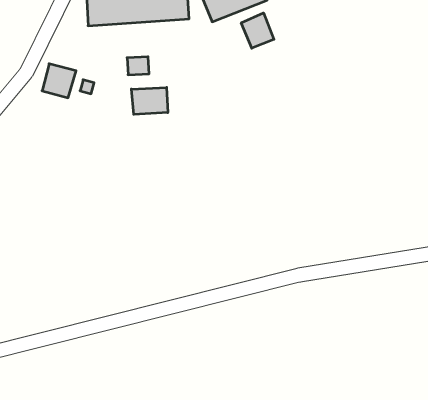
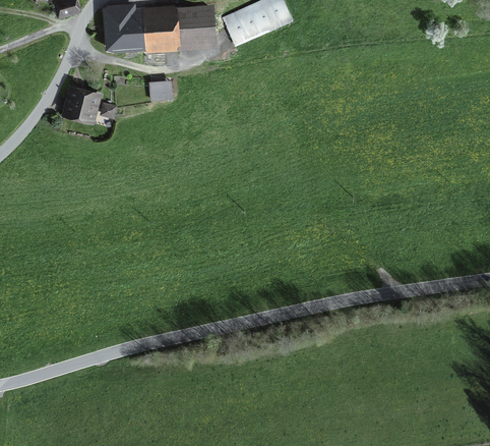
building: [241,13,274,48] -> none
building: [131,87,168,114] -> none

